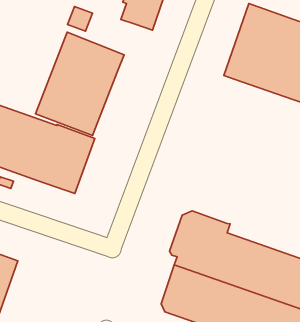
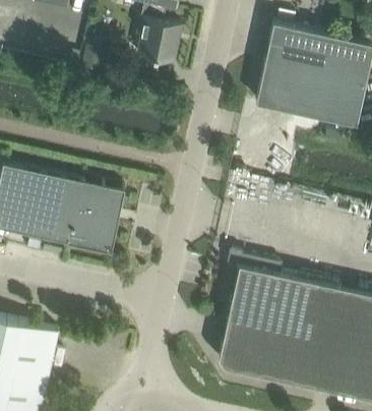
building: [36,32,124,135] -> none

